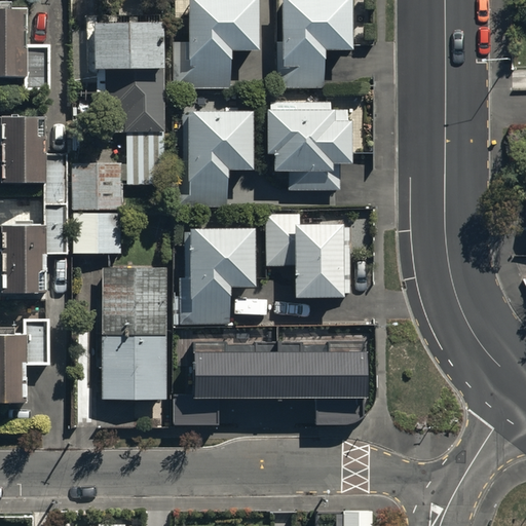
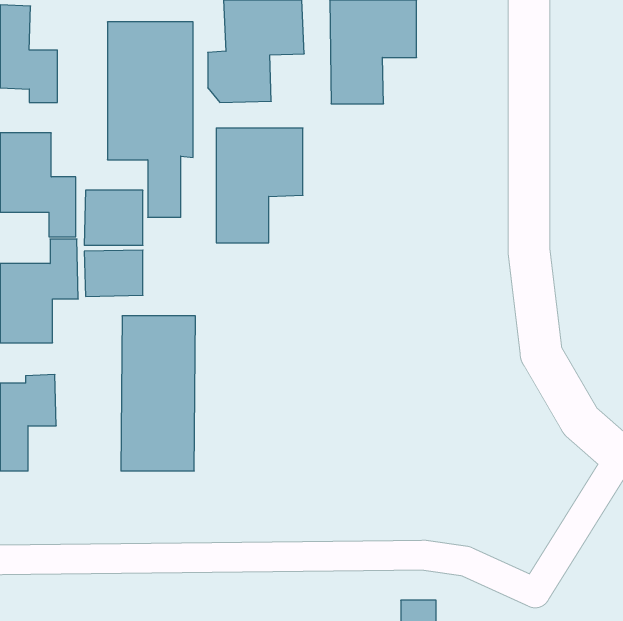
building: [264,105,351,192] -> none
building: [264,213,350,296] -> none
building: [179,225,256,324] -> none
building: [194,353,367,401] -> none

